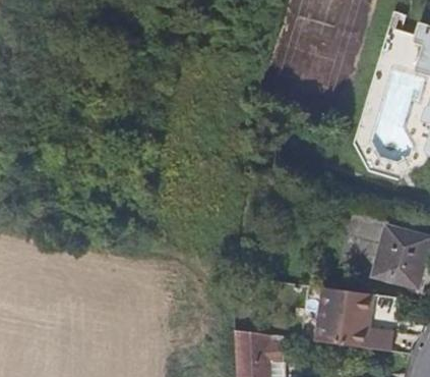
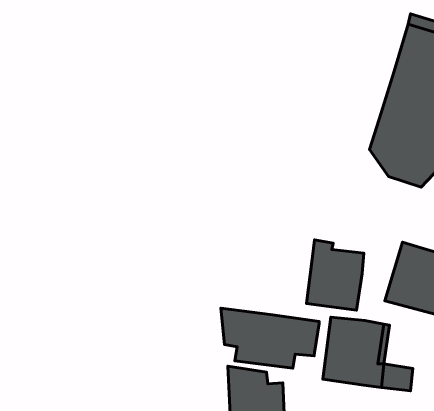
building: none -> [307,240,364,310]
building: none -> [221,308,319,368]

